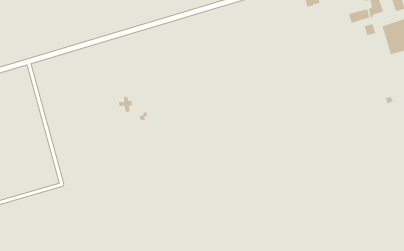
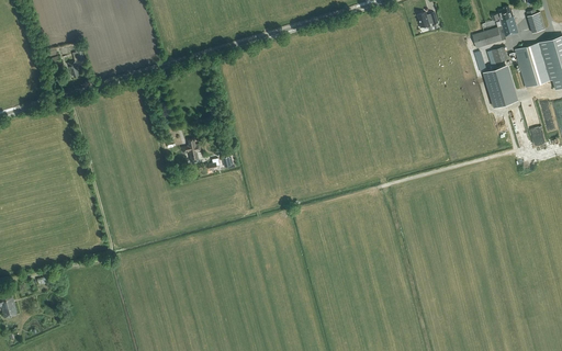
building: none -> [484,67,515,109]

